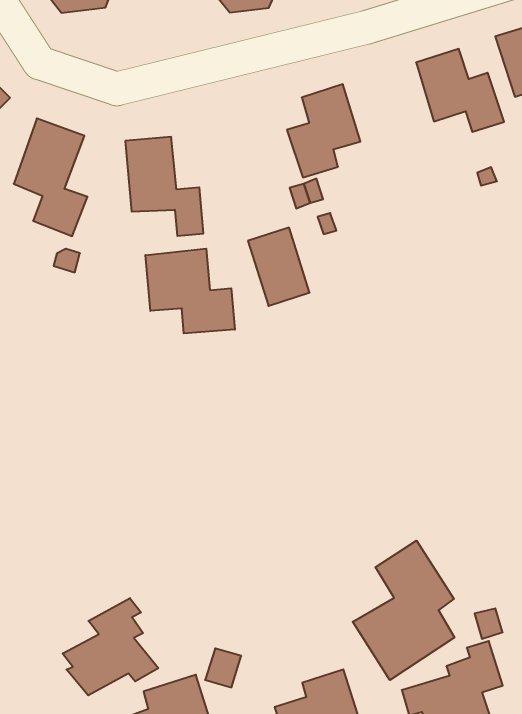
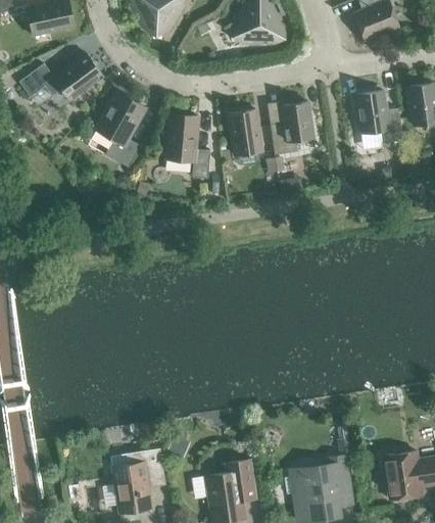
building: [248,228,310,306] -> [229,109,261,155]
building: [145,249,235,333] -> none
building: [353,541,454,680] -> none
building: [63,598,158,695] -> none

